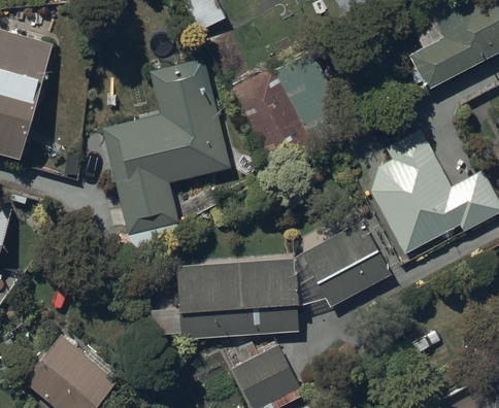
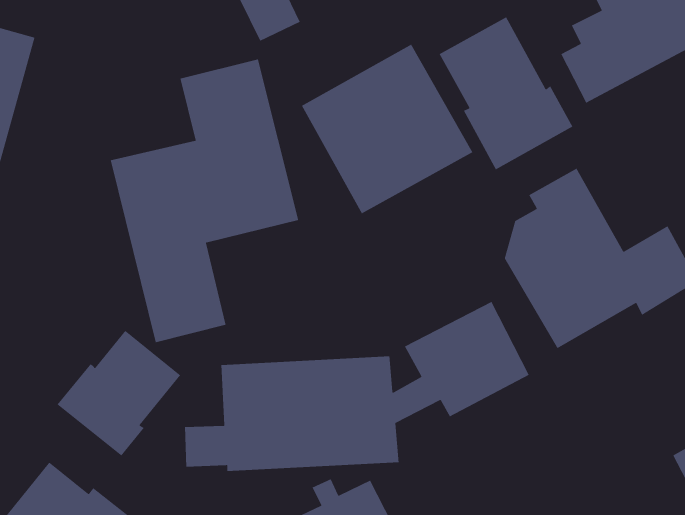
building: none -> [439,16,573,170]
building: none -> [57,330,181,456]

